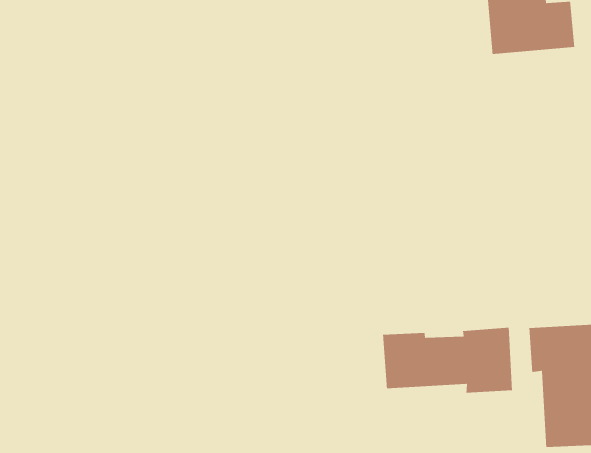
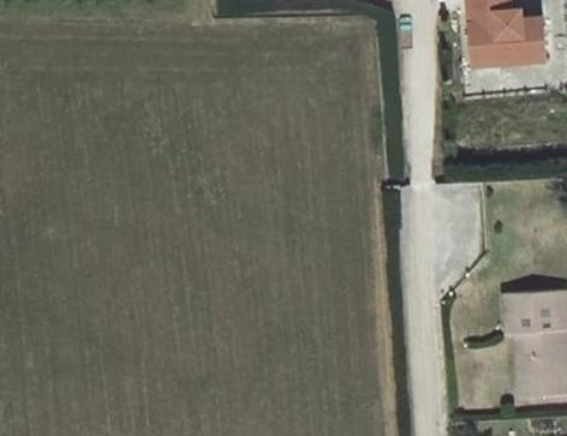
building: [382,327,513,394] -> none

